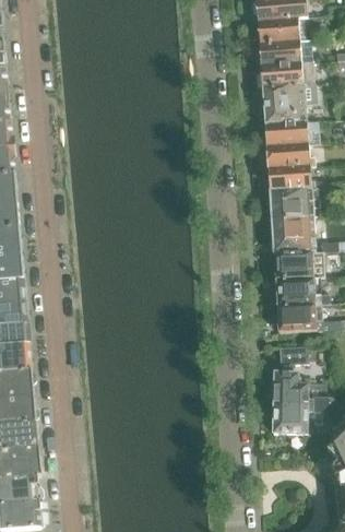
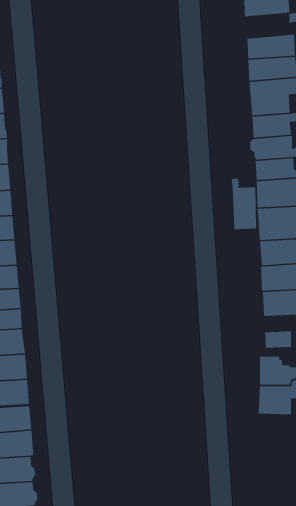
building: [258,19,299,44] -> none
building: none -> [231,178,257,230]

